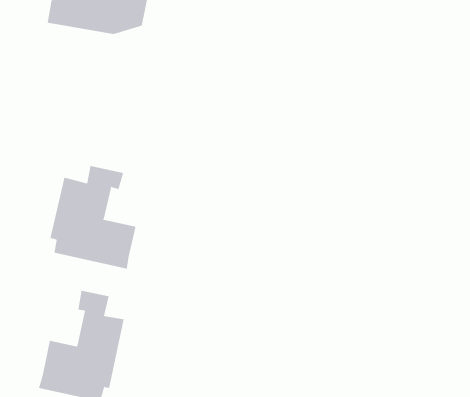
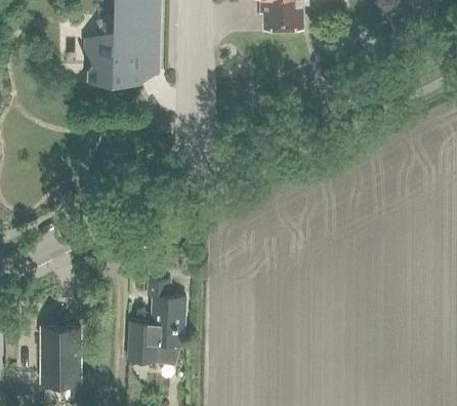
building: [50,165,136,269] -> none

